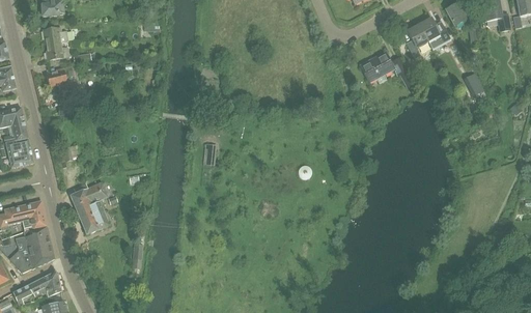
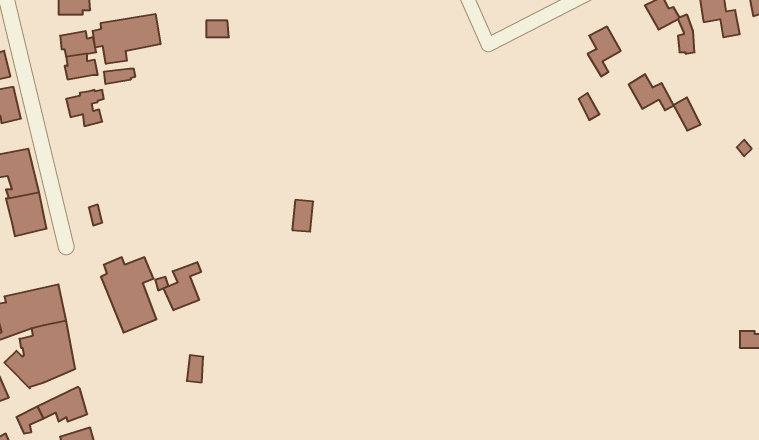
building: none -> [93,14,160,64]
building: [418,17,449,41] -> [629,74,674,110]
building: [358,51,393,82] -> none
building: none -> [164,262,201,310]

